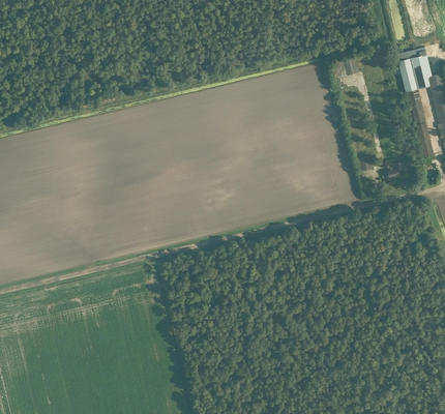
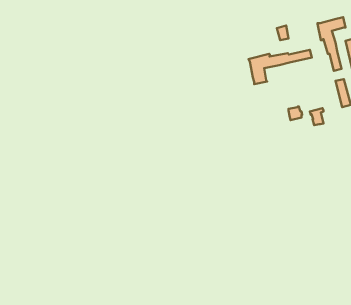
building: none -> [248,50,312,84]

